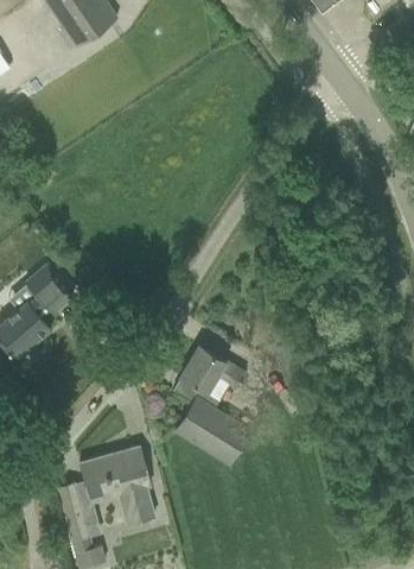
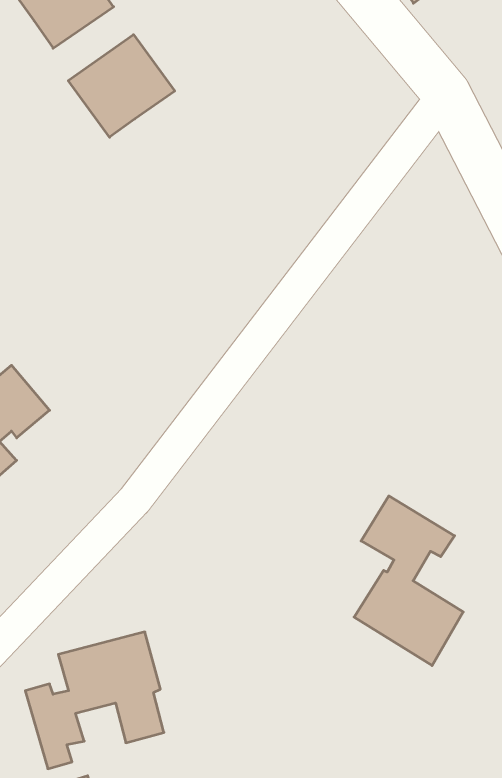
building: none -> [68,35,175,137]
building: [176,346,250,462] -> [354,496,463,666]

